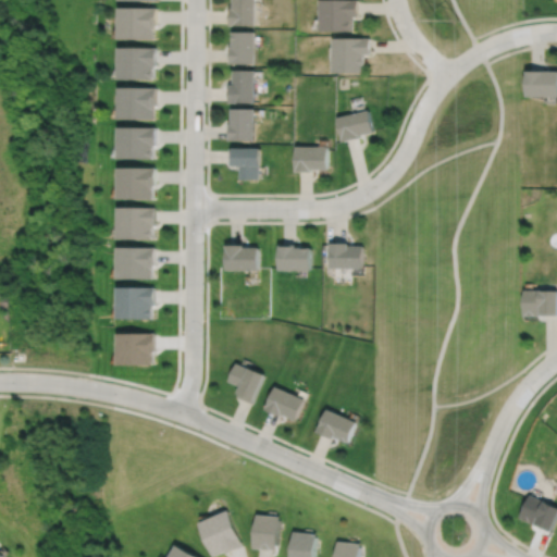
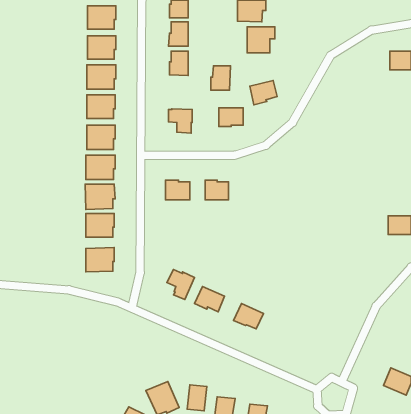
building: [226,108,252,140] -> [211,66,230,90]
building: [326,240,359,267] -> none

